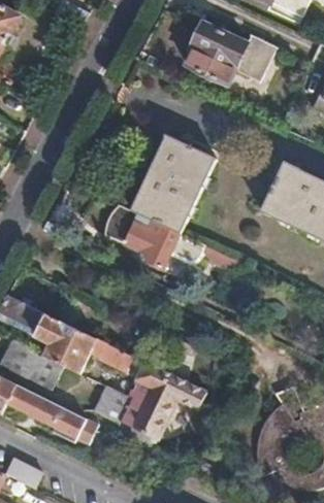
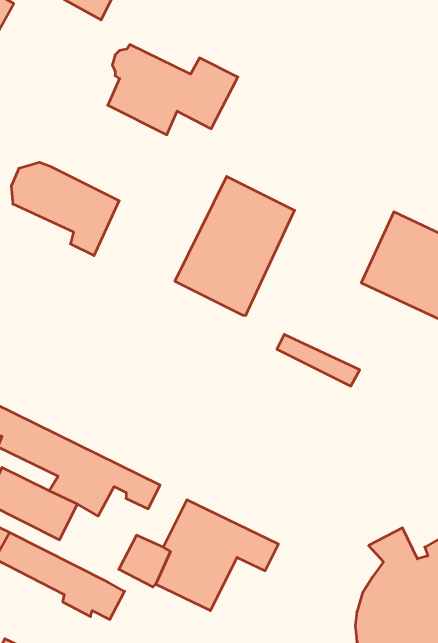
building: [187,20,278,82] -> [108,45,238,135]
building: [104,206,180,271] -> [11,162,119,256]

